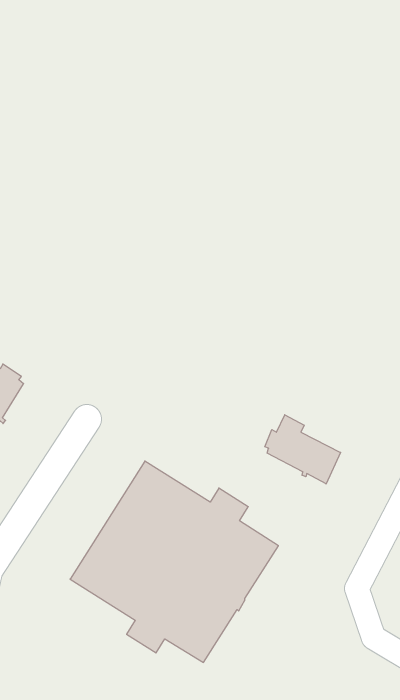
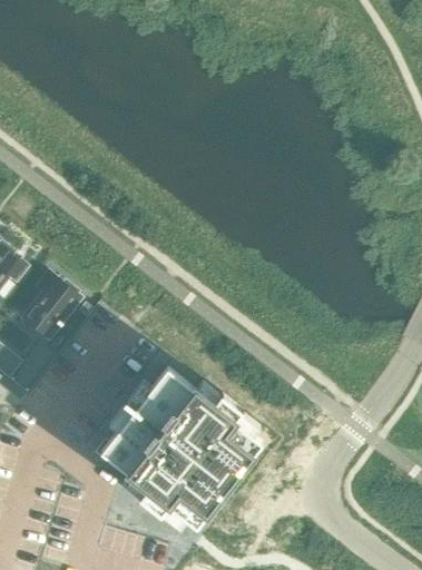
building: [265,415,341,484] -> none

